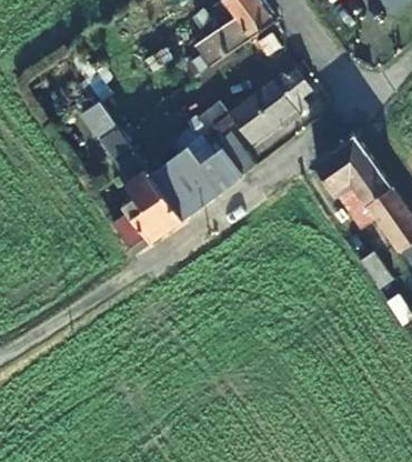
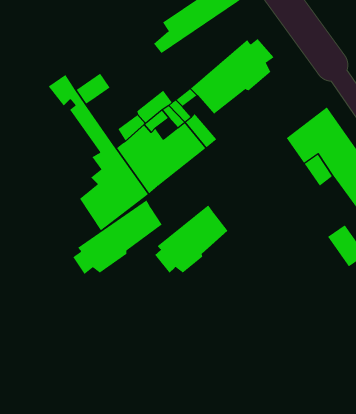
building: none -> [72,199,163,275]
building: none -> [154,204,228,274]

